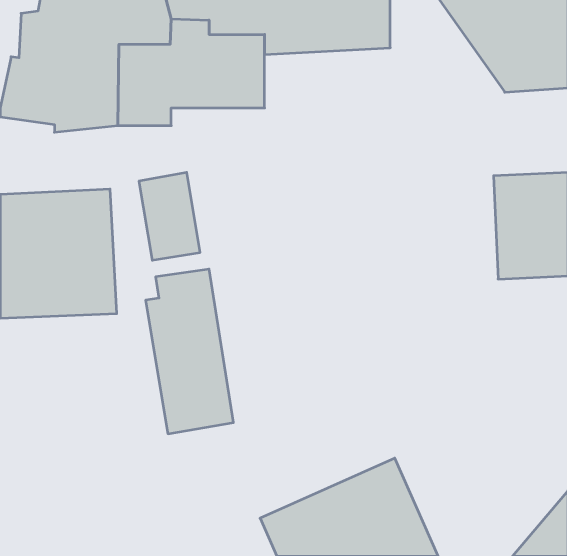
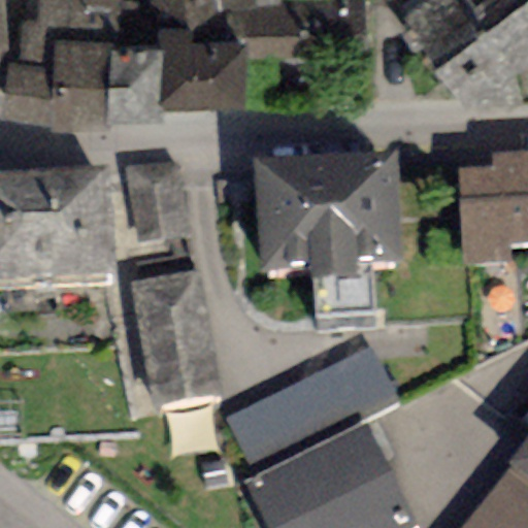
building: none -> [249,152,408,289]
building: none -> [227,340,400,467]

